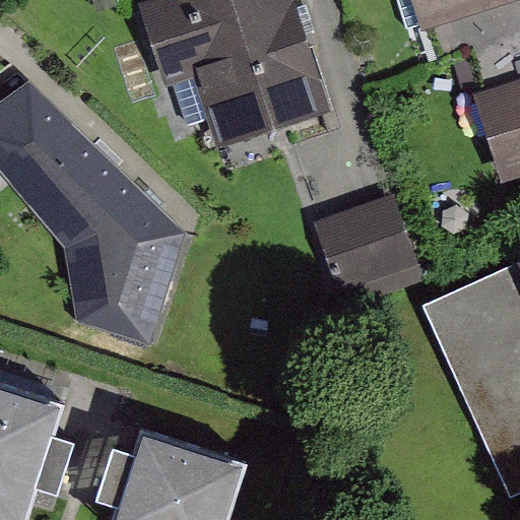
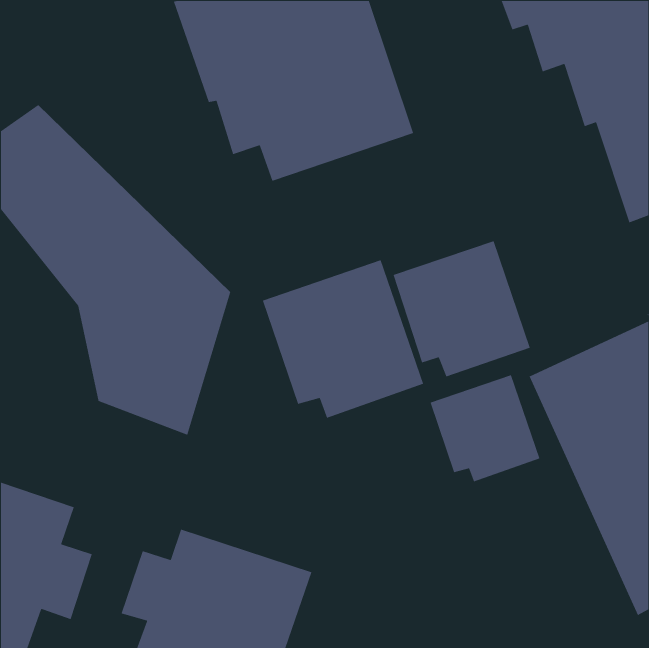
building: none -> [262,259,424,419]
building: none -> [429,374,540,483]

